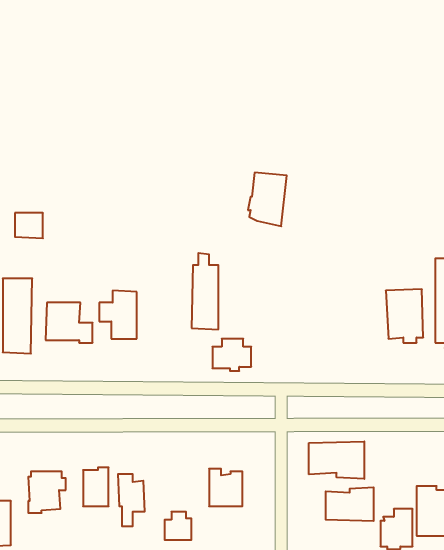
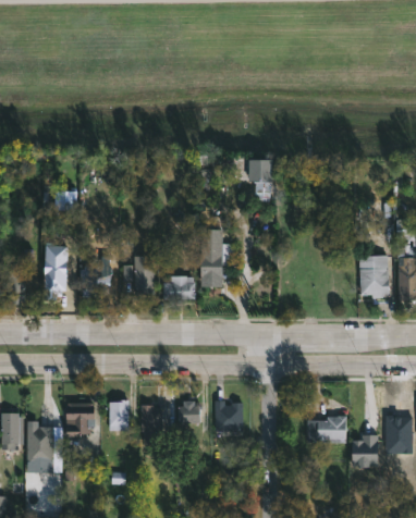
building: [212,339,251,371] -> [164,276,196,303]
building: [309,441,364,479] -> none
building: [165,512,191,540] -> [176,399,198,422]

